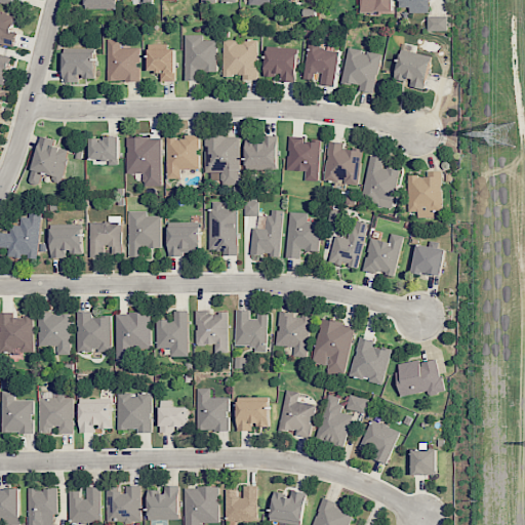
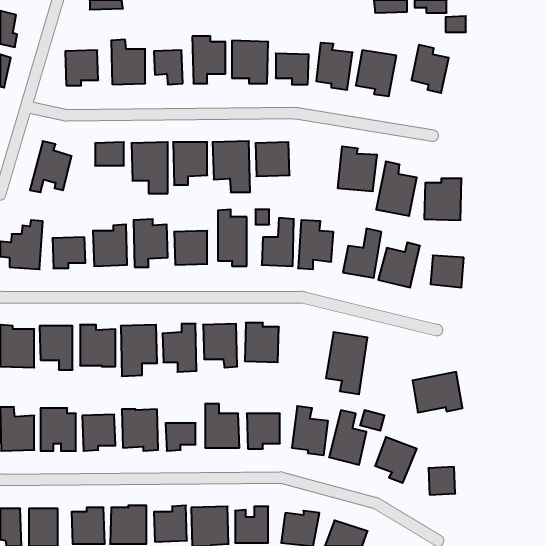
building: [287,135,320,180] -> none
building: [277,311,310,357] -> none
building: [349,336,391,383] -> none

